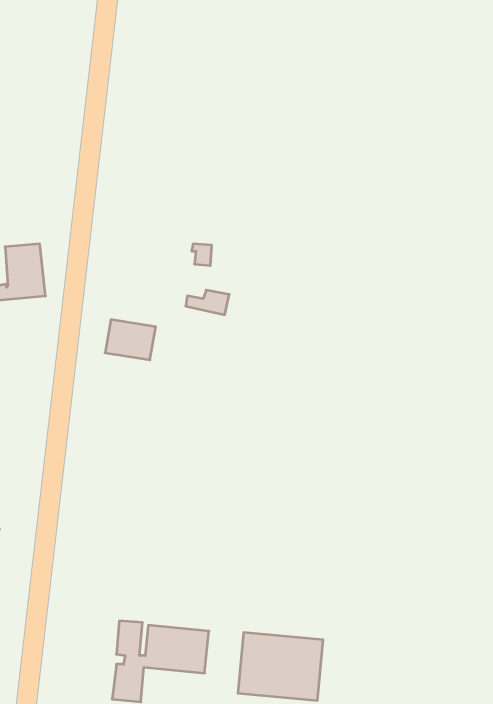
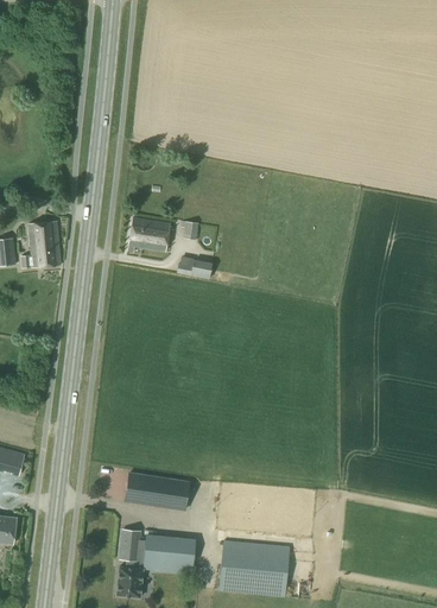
building: [105,320,156,360] -> [128,217,170,251]
building: none -> [126,471,189,509]

